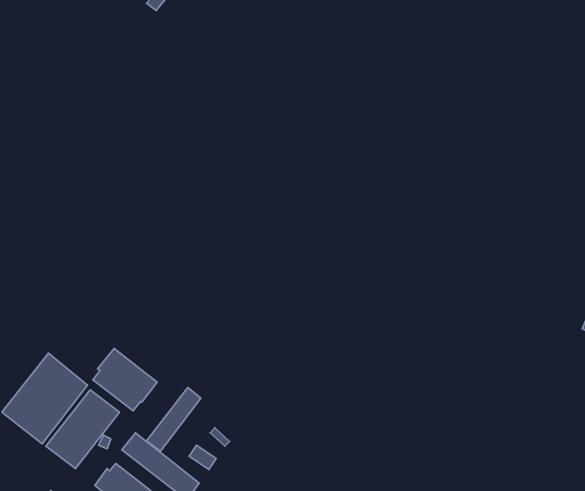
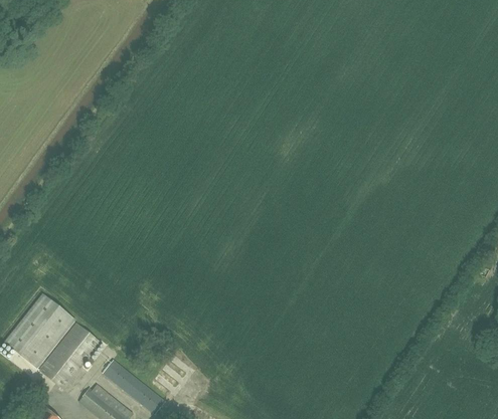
building: [93,349,157,411] -> none
building: [147,387,201,451] -> none

